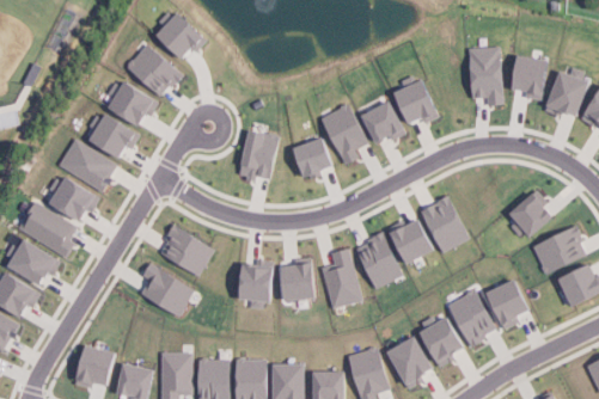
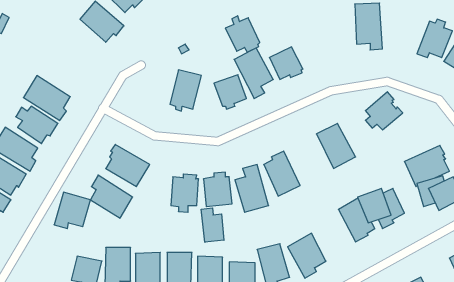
building: [514,54,551,99] -> none
building: [396,78,439,123] -> [225,16,260,52]
building: [106,82,158,127] -> none
building: [86,112,139,156] -> none
building: [509,190,556,238] -> [365,92,403,130]
building: [387,219,436,266] -> none
building: none -> [201,208,224,242]
building: [420,314,465,367] -> none
building: [72,343,117,388] -> [54,192,90,229]

